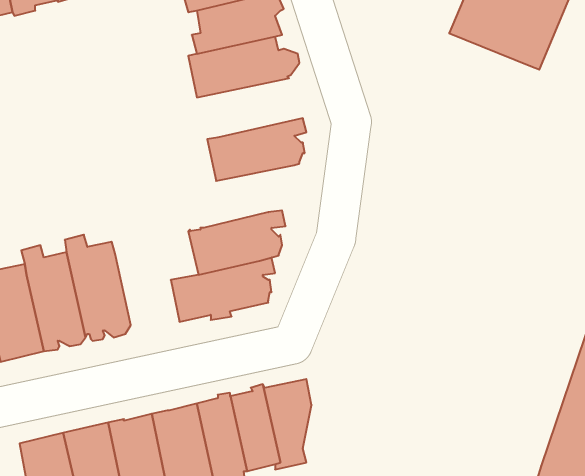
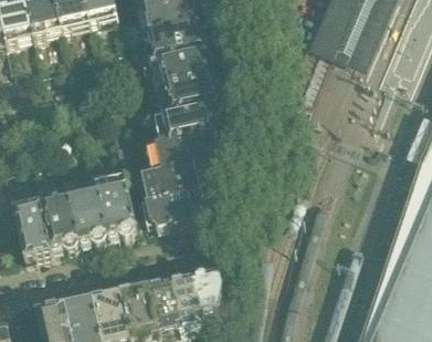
building: none -> [150,75,224,113]
building: none -> [149,131,213,170]
building: none -> [95,169,139,237]

